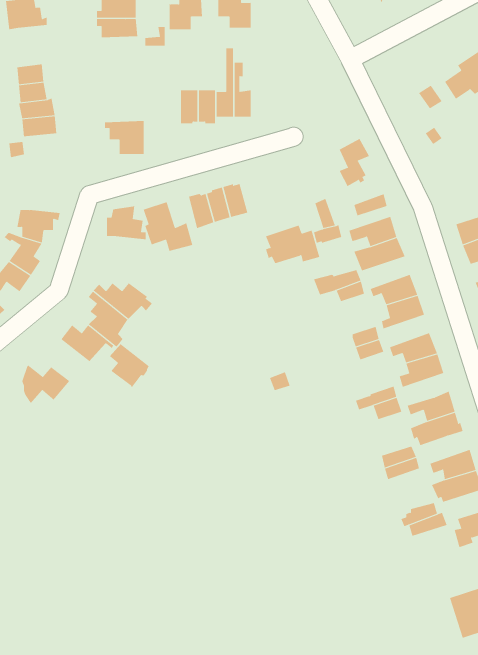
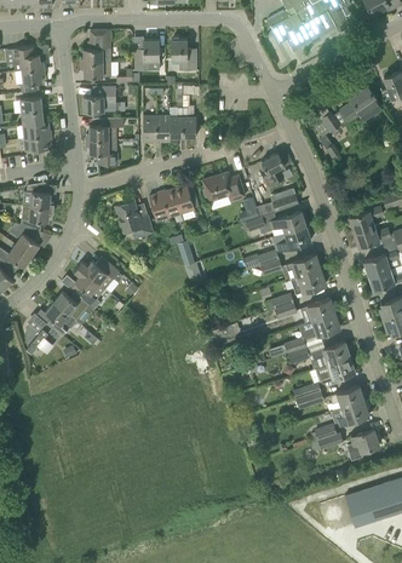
building: none -> [15,68,45,93]
building: none -> [82,87,115,111]
building: none -> [86,119,124,140]
building: [106,206,147,240] -> [23,183,53,208]
building: [265,225,320,264] -> [202,172,243,201]
building: [109,343,150,389] -> [45,303,75,337]

